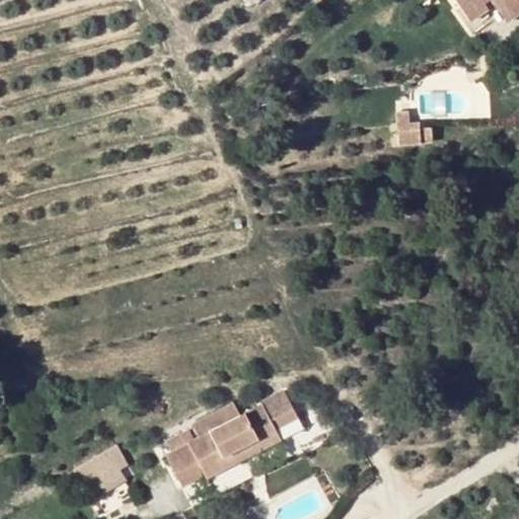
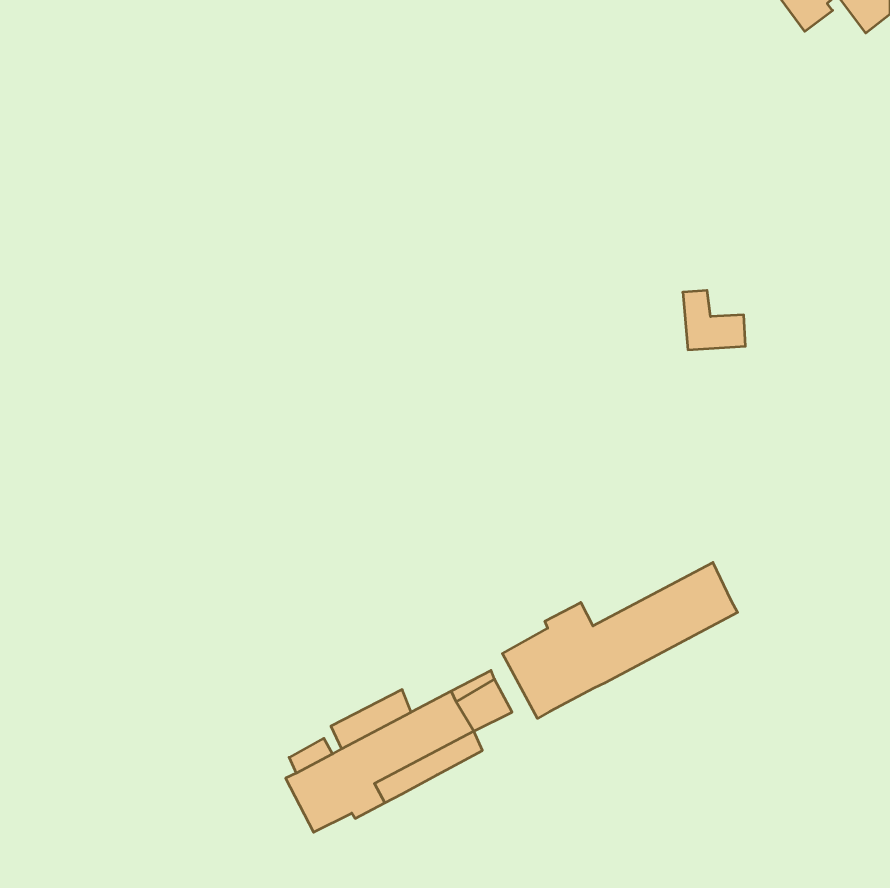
building: [399,109,436,144] -> [683,290,745,350]
building: none -> [502,562,738,718]
building: [77,454,125,501] -> none

